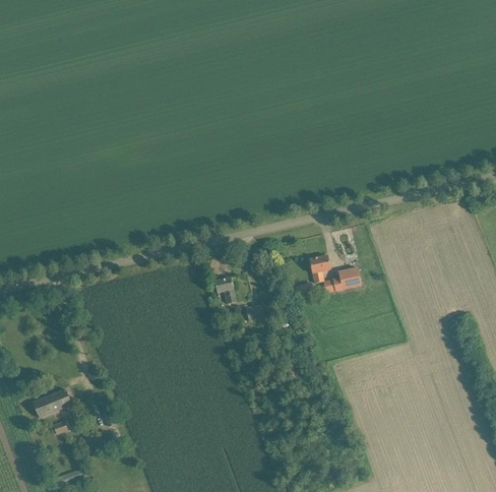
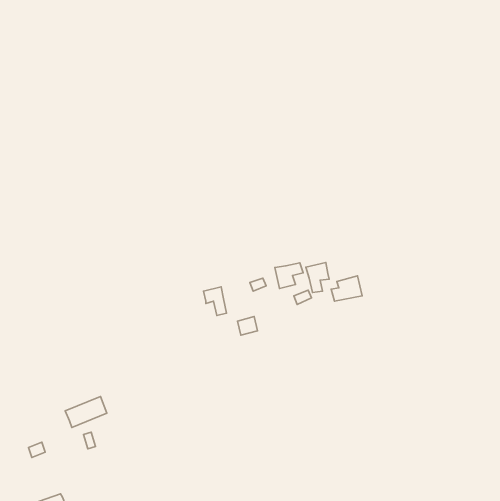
building: none -> [275,263,303,288]
building: [33,389,71,418] -> [65,397,107,427]

